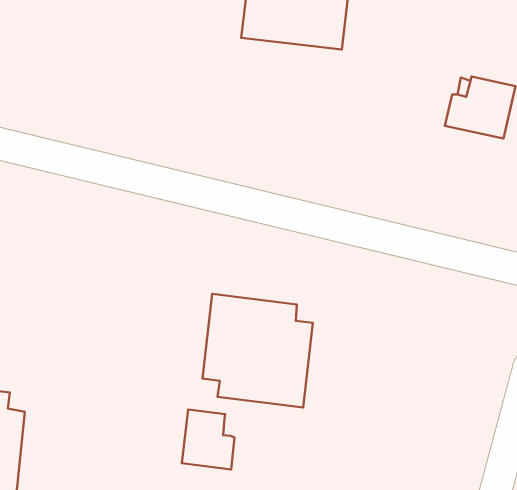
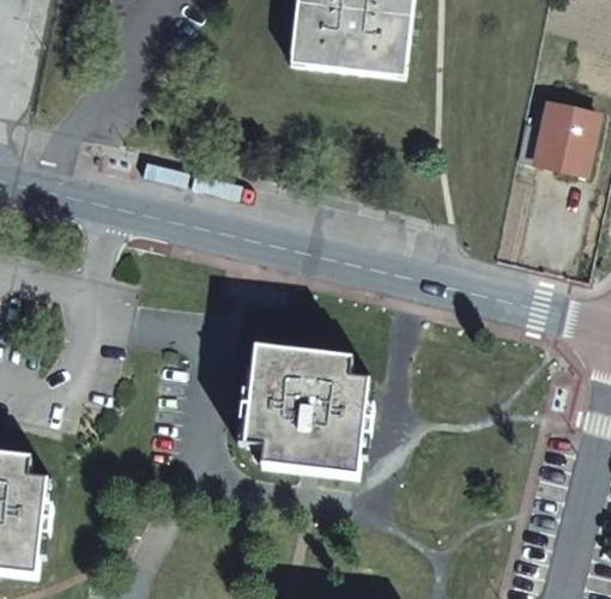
building: [182,409,234,469] -> none

